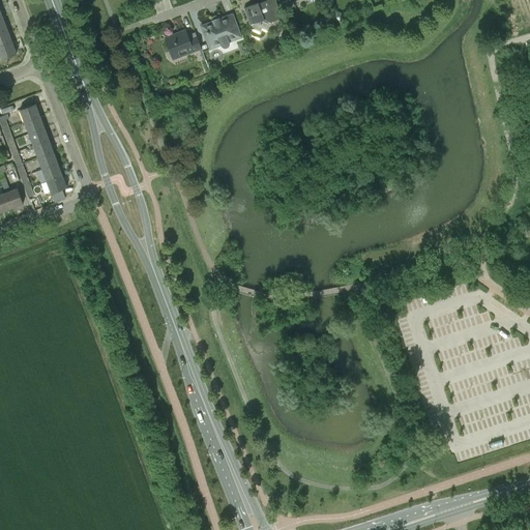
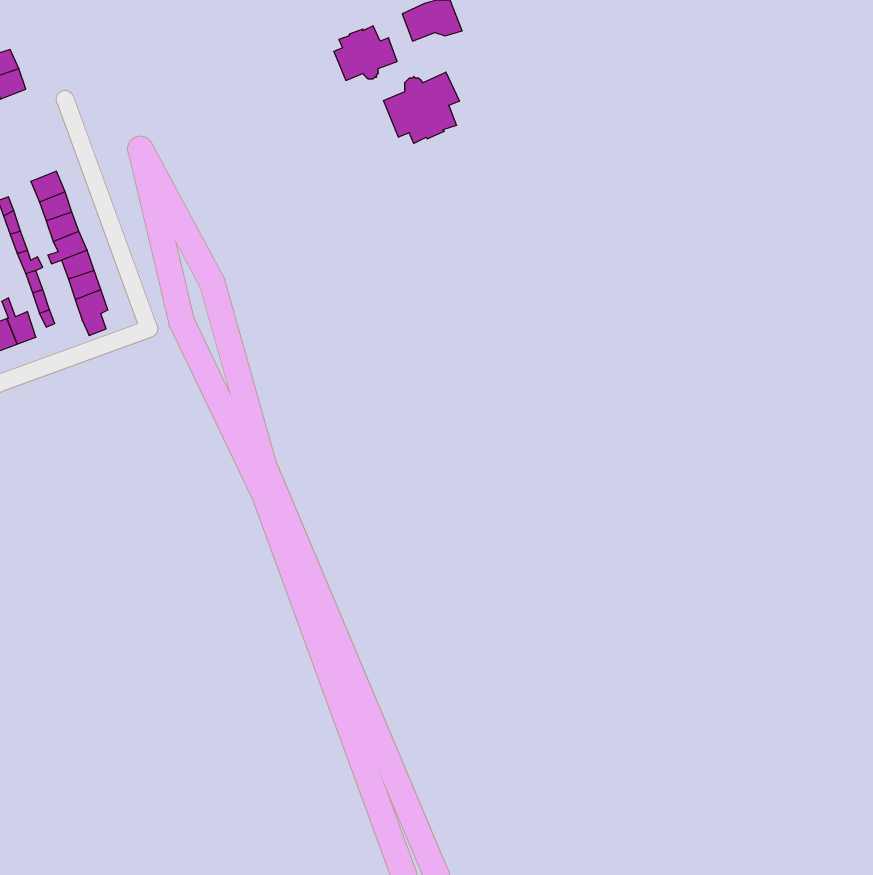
building: [164,30,201,57] -> none
building: none -> [384,72,459,143]

